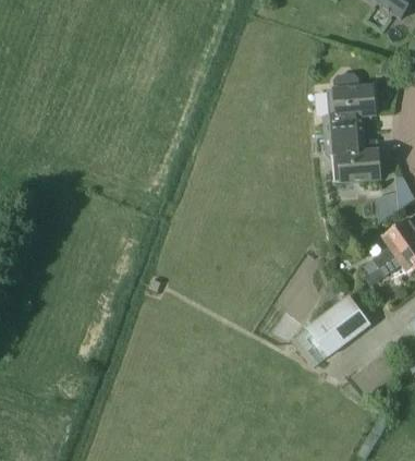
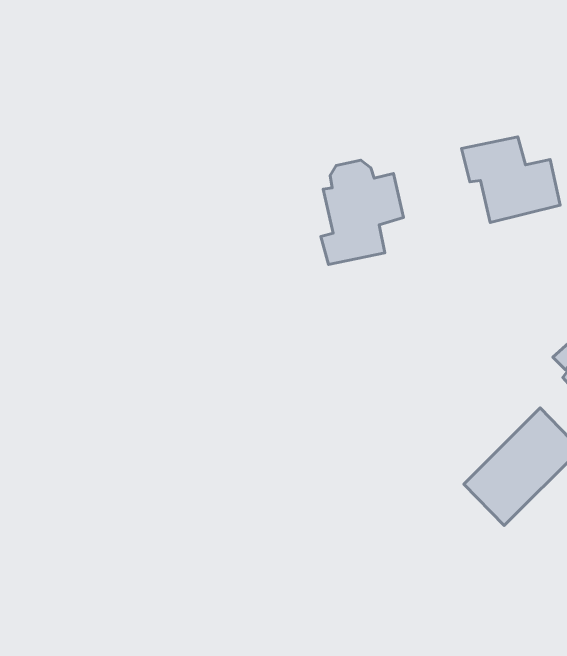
building: [321,73,373,133] -> [321,160,403,265]

